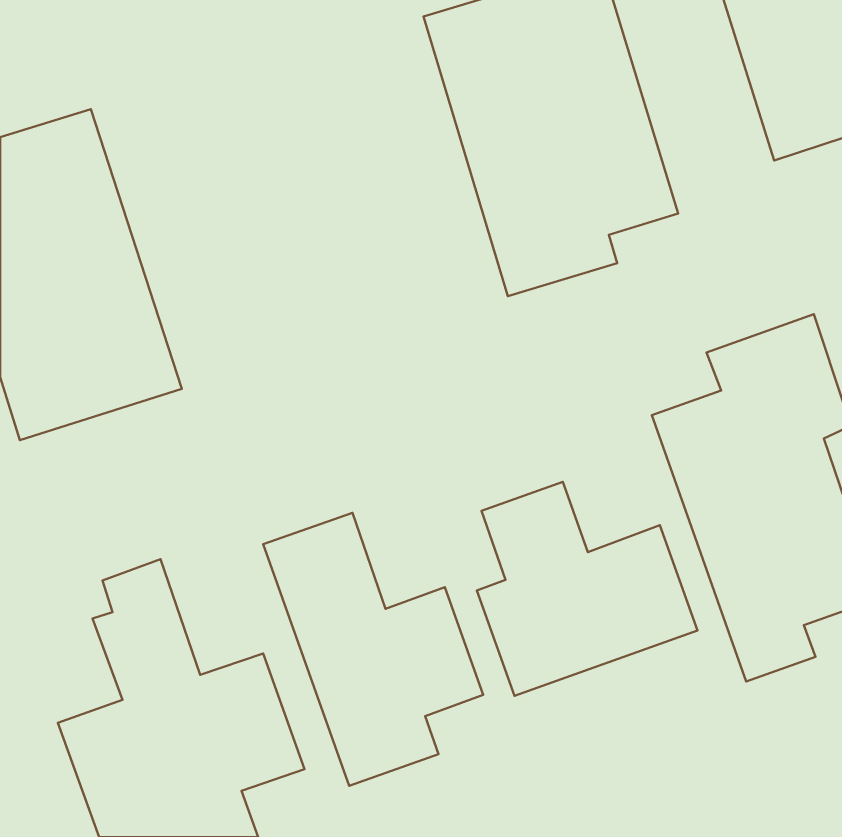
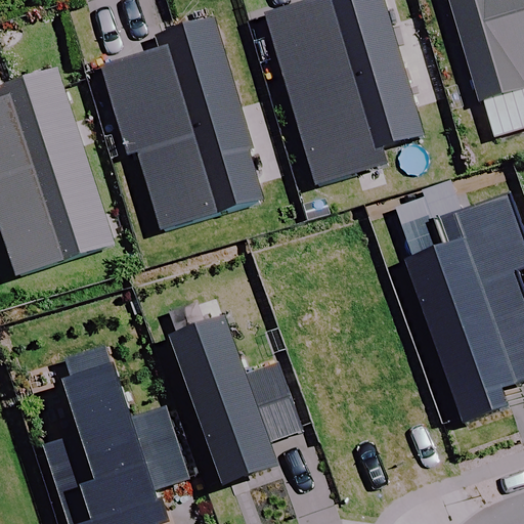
building: none -> [99,16,259,228]
building: [477,482,698,696] -> none

